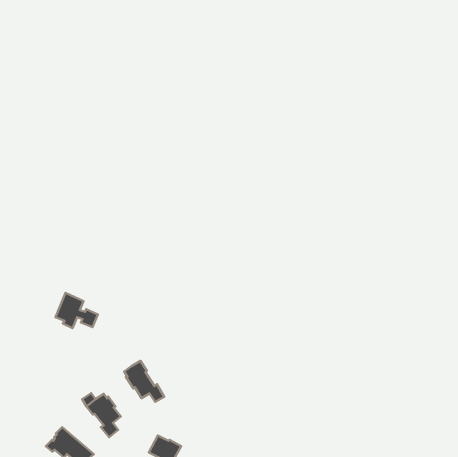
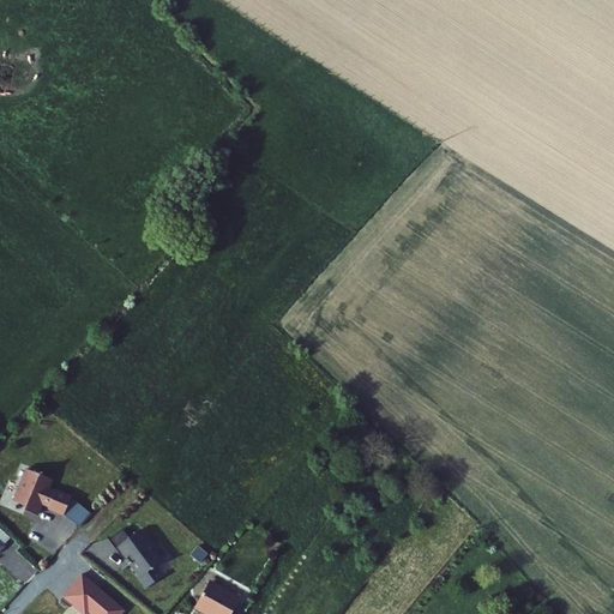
building: [56,293,98,328] -> [14,469,71,516]
building: [124,361,164,402] -> none

